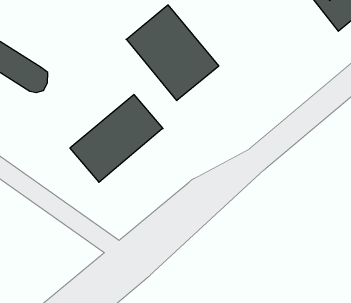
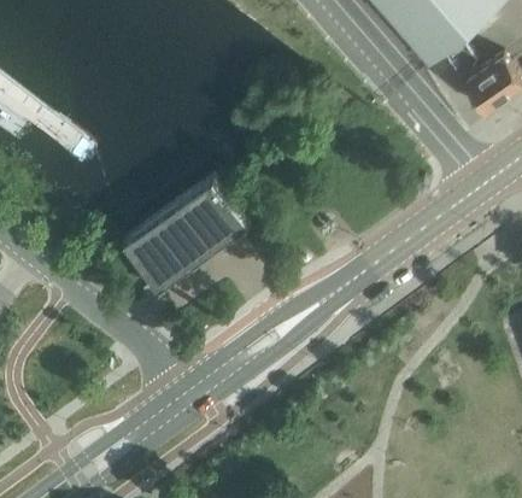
building: [126,5,219,101] -> none

